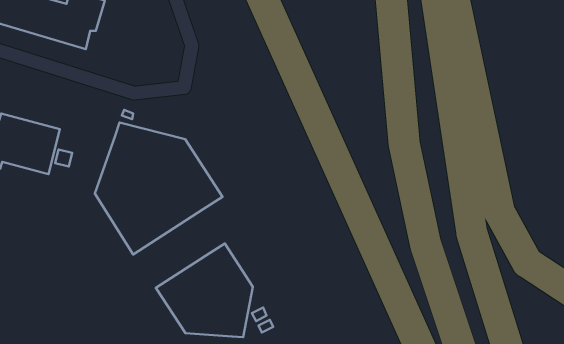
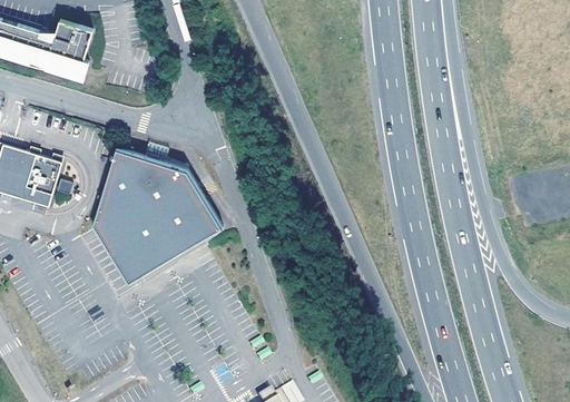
building: [156,243,253,337] -> none

